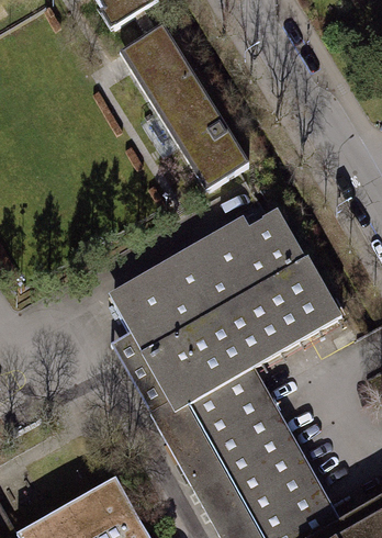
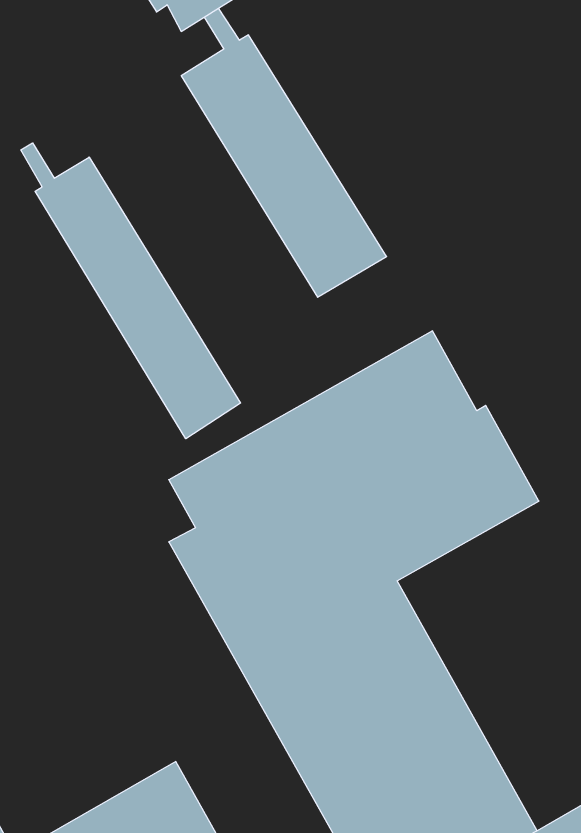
building: none -> [21,143,241,439]

